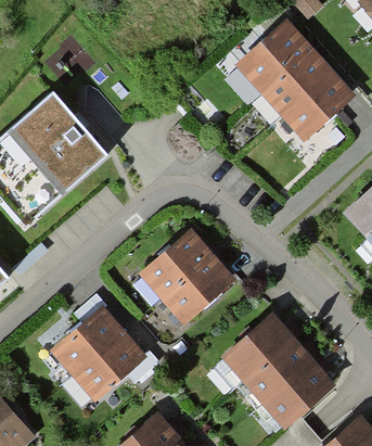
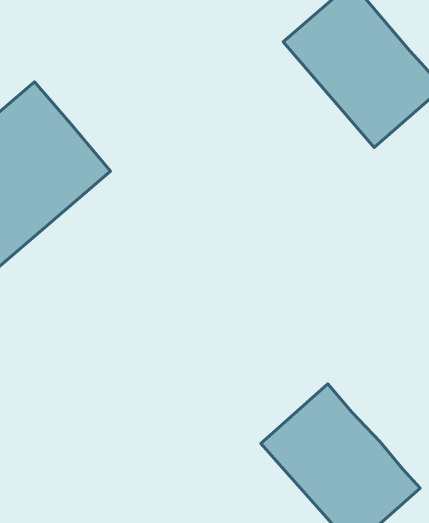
building: [144,235,239,330] -> none
building: [53,305,147,399] -> none

